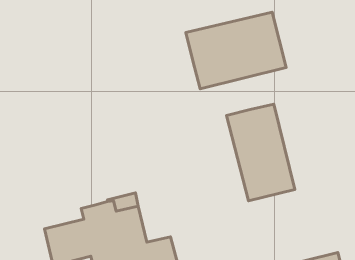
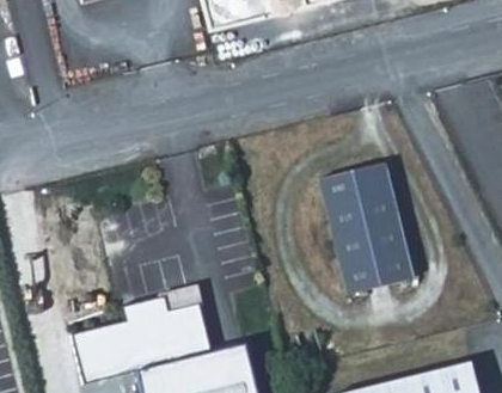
building: [186,12,286,89] -> none

